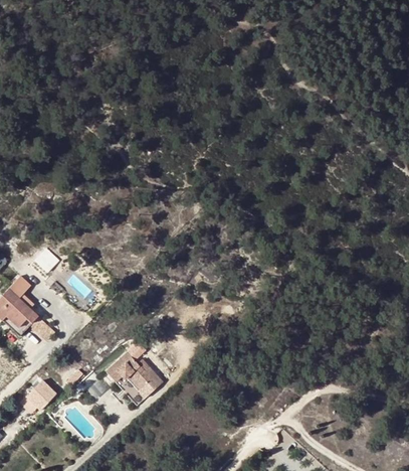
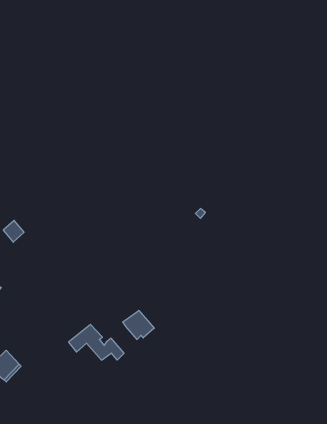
building: none -> [123,310,154,339]

